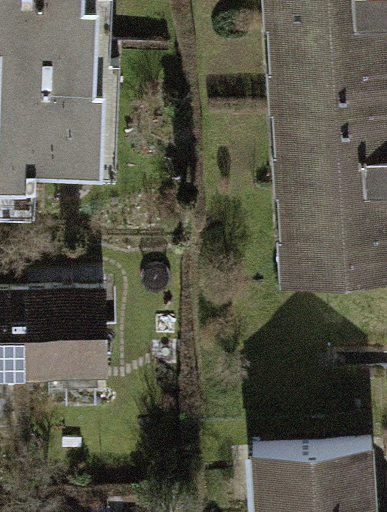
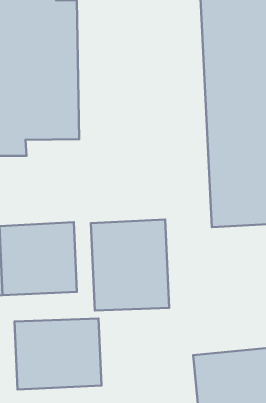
building: none -> [91,220,169,311]
building: none -> [15,318,101,390]

